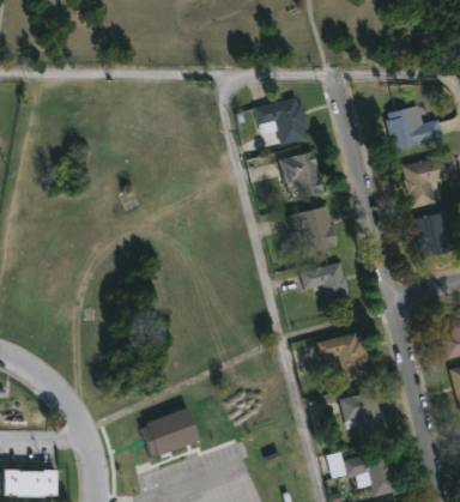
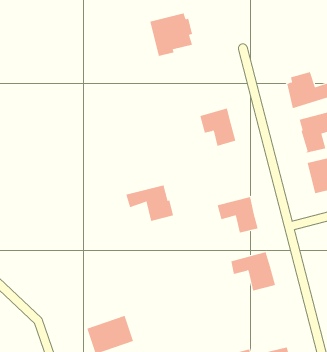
building: [253,97,307,151] -> [149,13,193,56]
building: [278,207,338,253] -> [126,185,174,221]
building: [337,388,389,448] -> none

